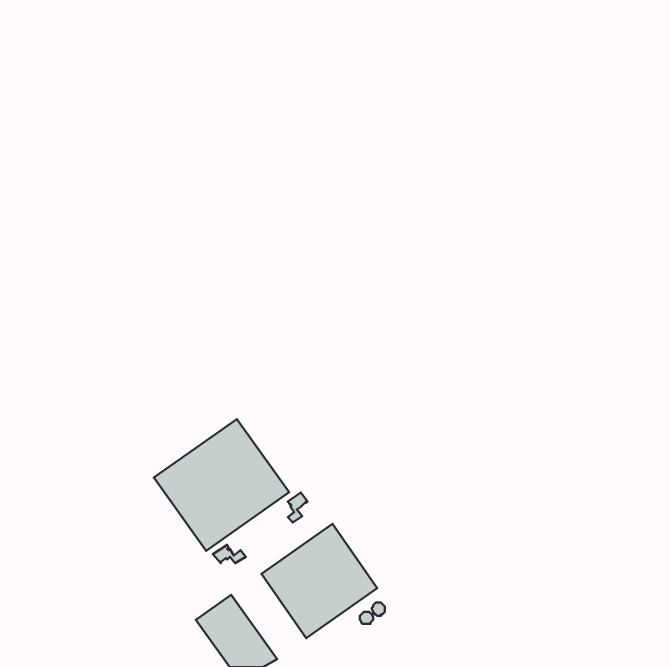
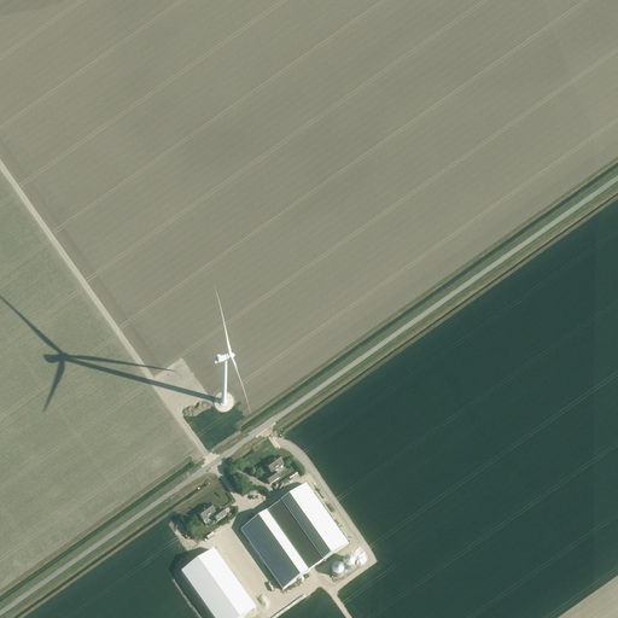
building: [154,419,289,551] -> none

